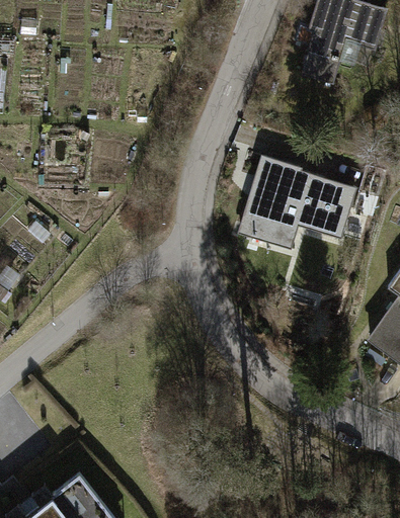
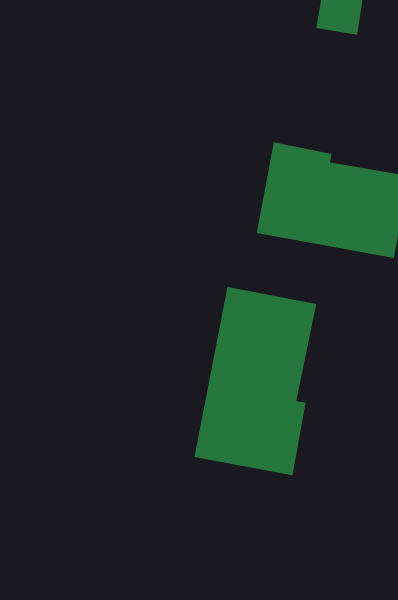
building: none -> [194,286,317,476]

